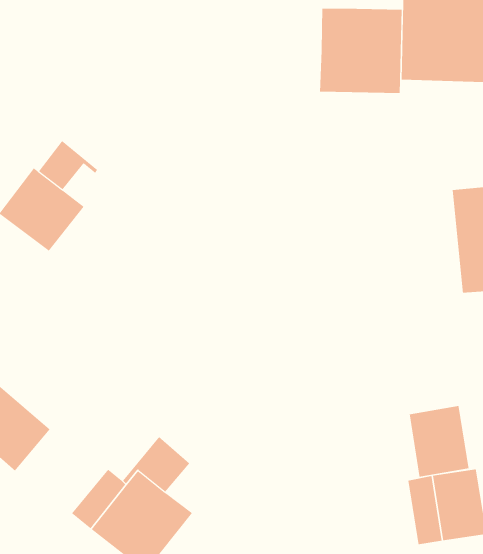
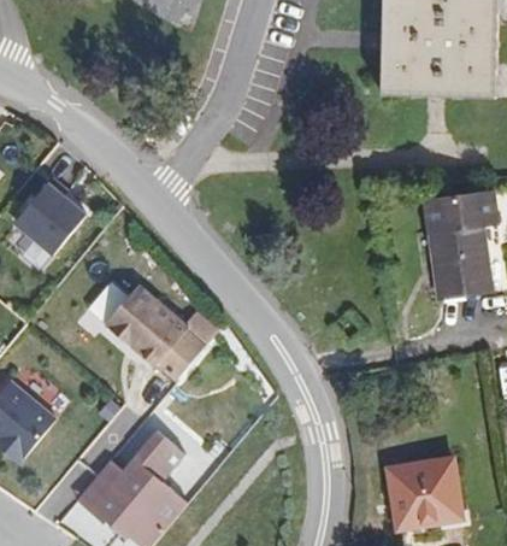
building: [319,8,402,94] -> none
building: [38,140,98,190] -> none
building: none -> [106,282,207,378]
building: [409,405,469,478] -> none

